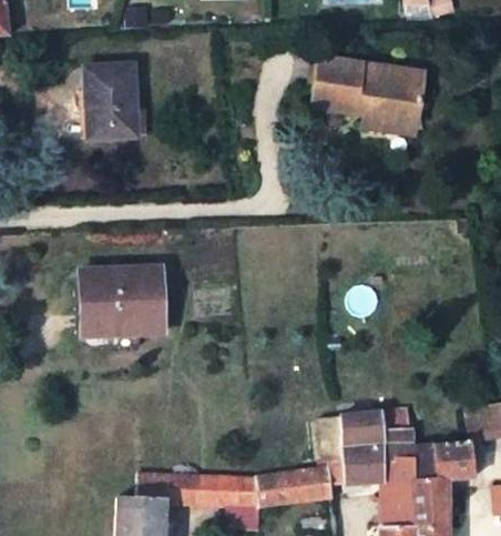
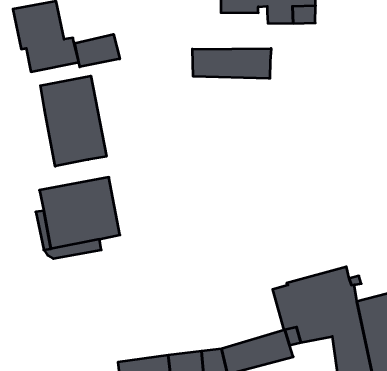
building: none -> [75,34,120,67]
building: none -> [192,48,271,78]
building: none -> [40,76,106,166]

